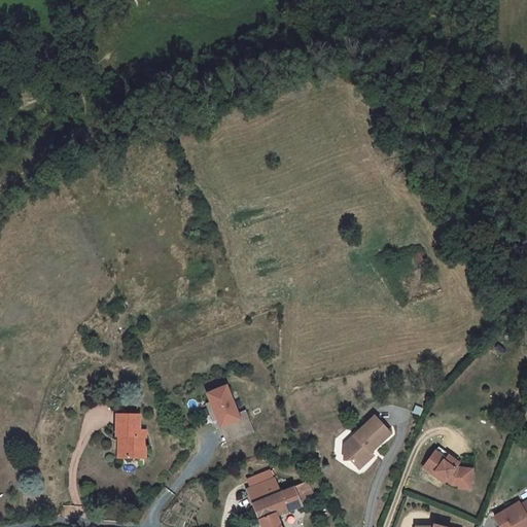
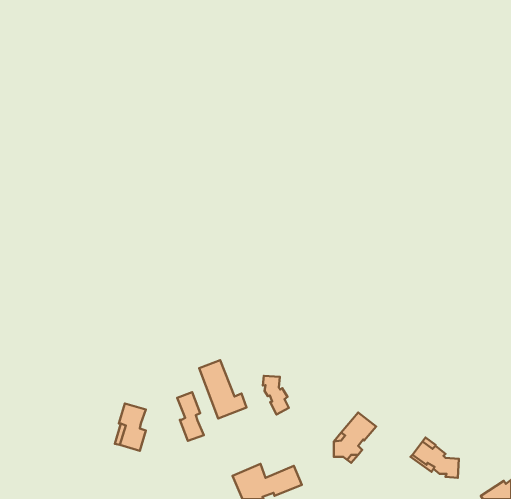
building: none -> [263,376,289,415]
building: none -> [177,392,204,441]

